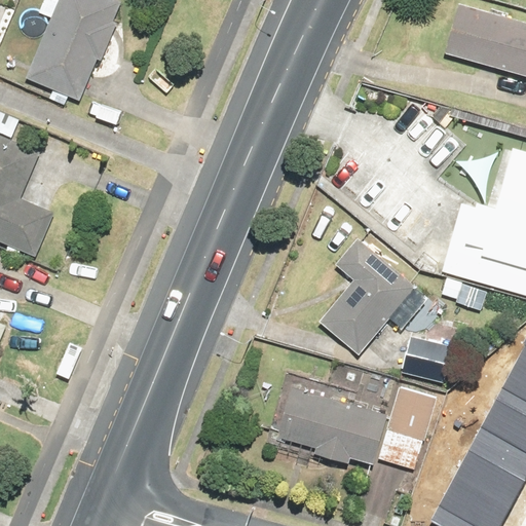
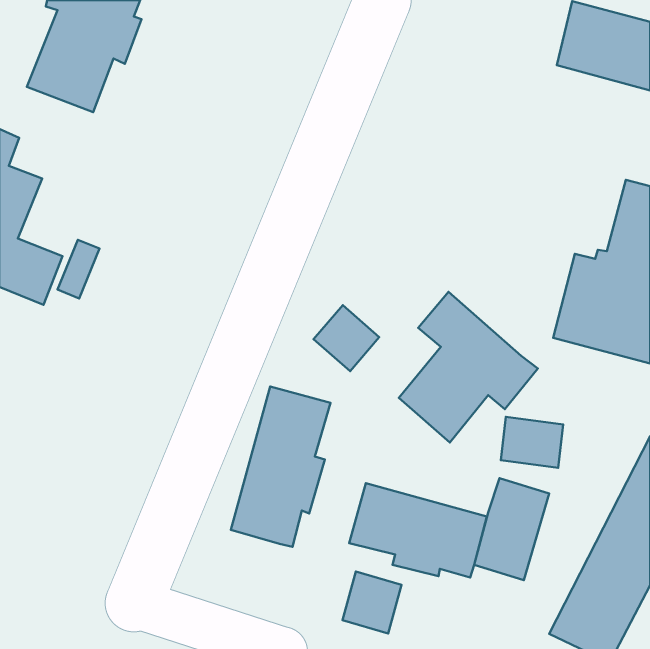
building: none -> [314,305,379,371]
building: none -> [231,386,331,547]
building: none -> [342,572,402,633]

